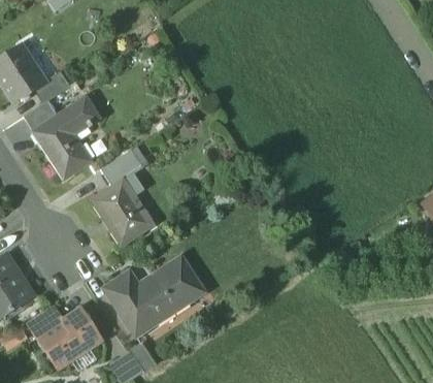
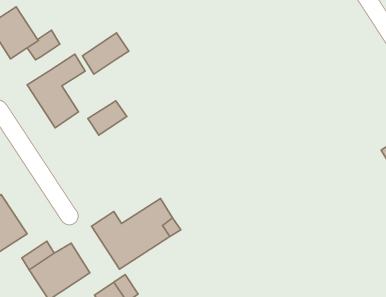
building: none -> [83,33,129,74]
building: [24,100,58,131] -> none
building: [94,180,153,244] -> none

